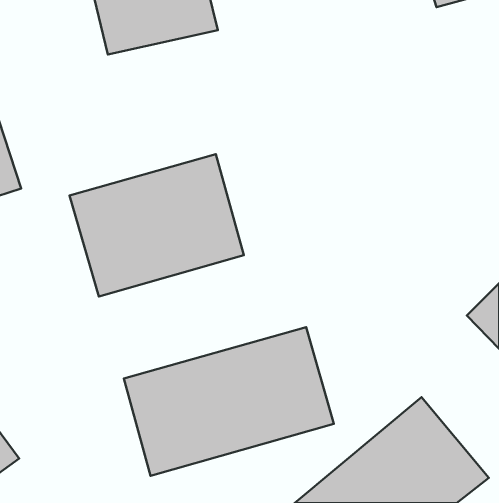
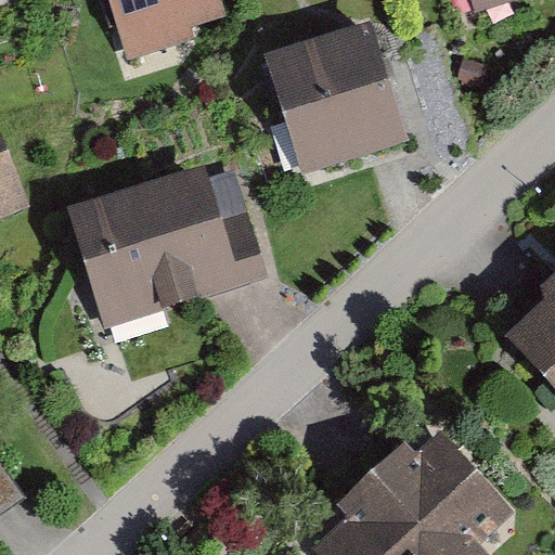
building: none -> [263,28,418,175]
building: [124,327,334,476] -> none

